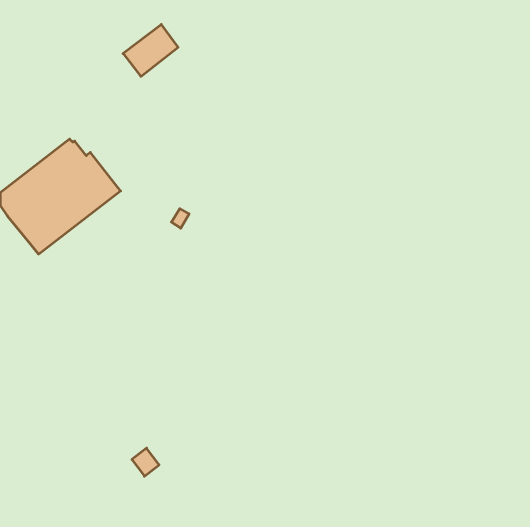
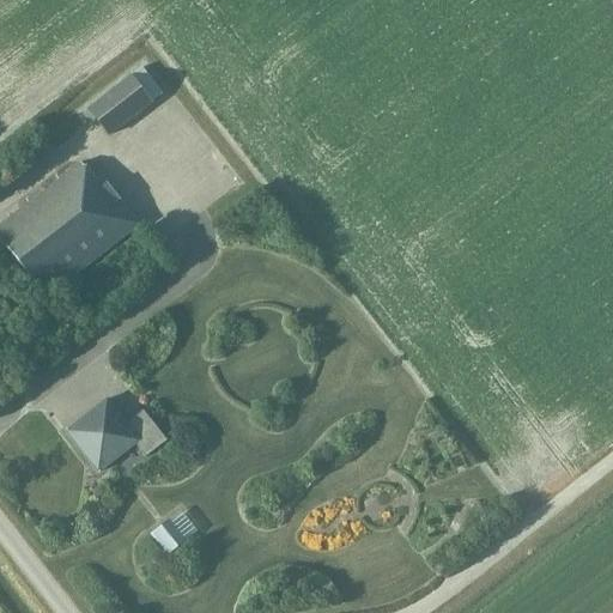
building: [123,24,178,76] -> [89,73,152,133]
building: none -> [67,396,168,469]

